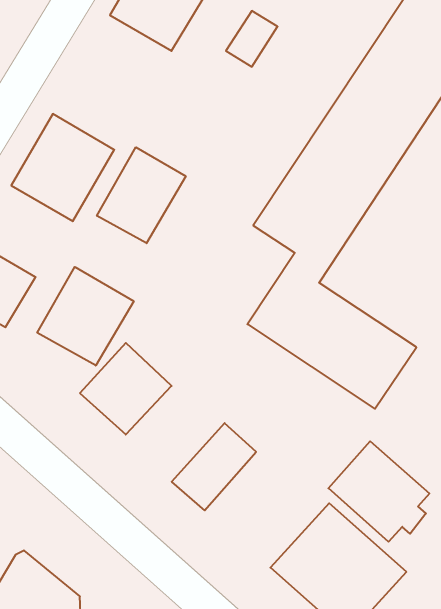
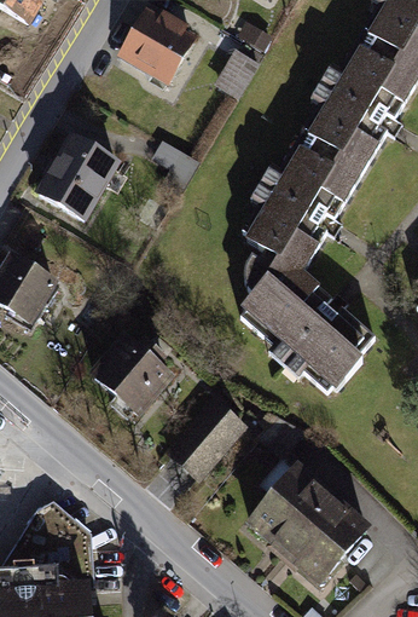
building: [97,147,186,243] -> none
building: [37,267,134,366] -> none
building: [328,441,429,542] -> none

